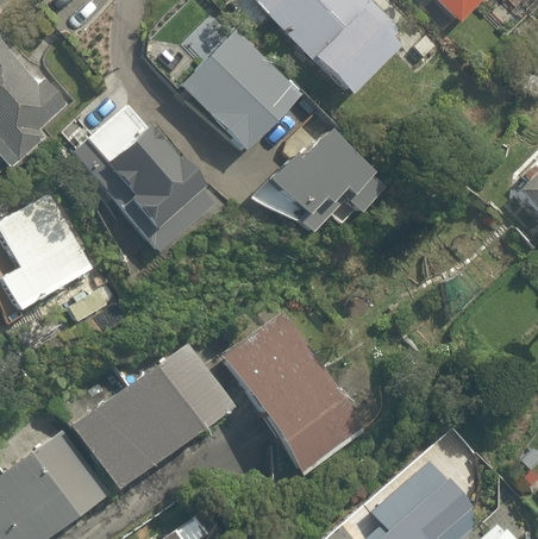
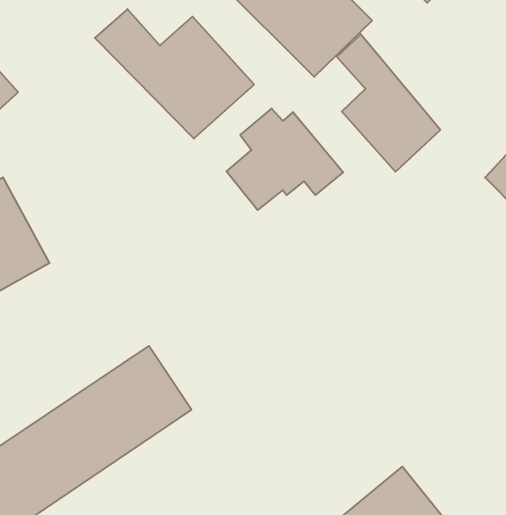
building: none -> [337,34,440,172]
building: [71,102,221,259] -> none
building: [220,309,369,474] -> none

